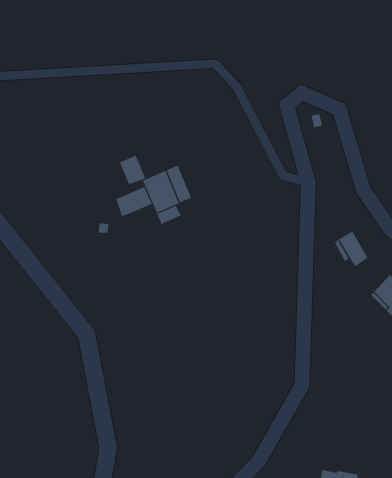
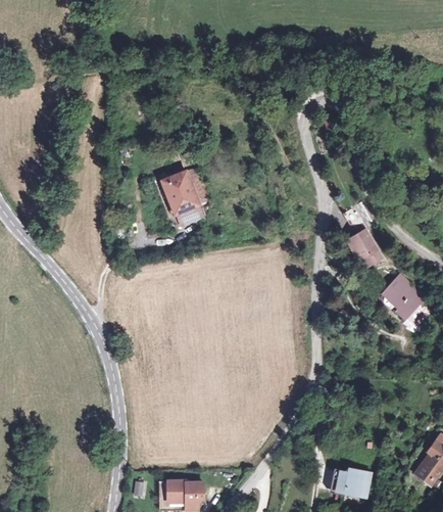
building: [119,155,146,185] -> none
building: [116,186,153,217] -> none

